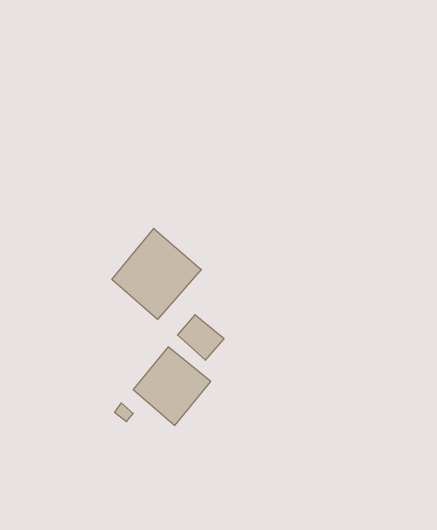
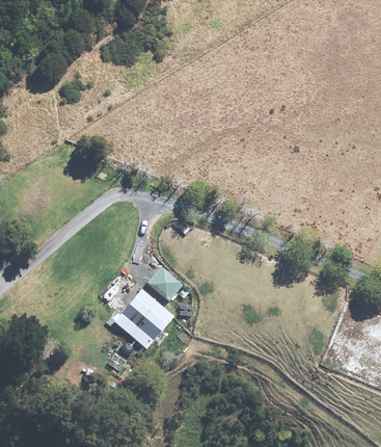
building: [112,228,201,319] -> none

